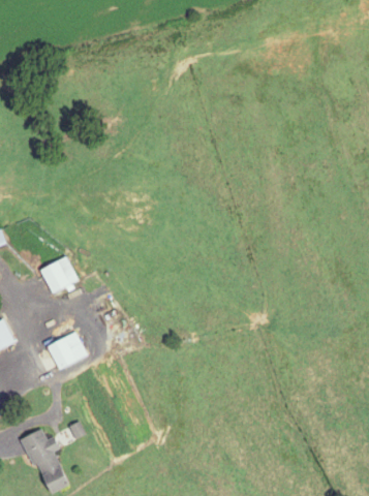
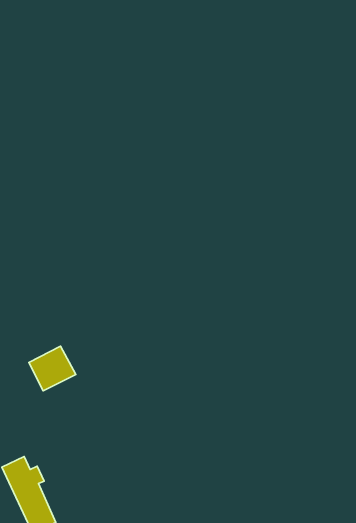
building: [39,255,79,292] -> none

